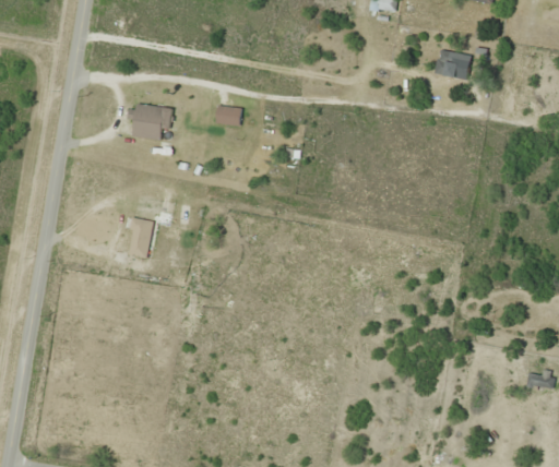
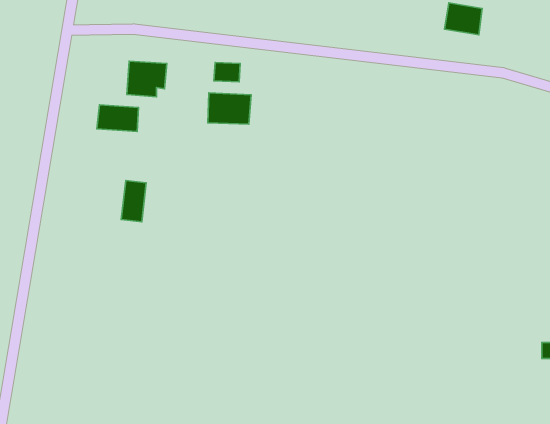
building: none -> [208,93,251,124]
building: none -> [97,105,139,132]

